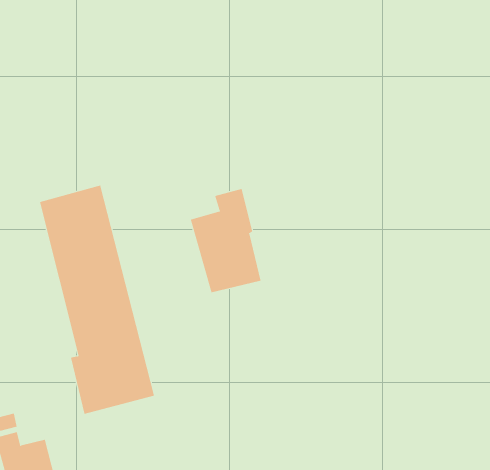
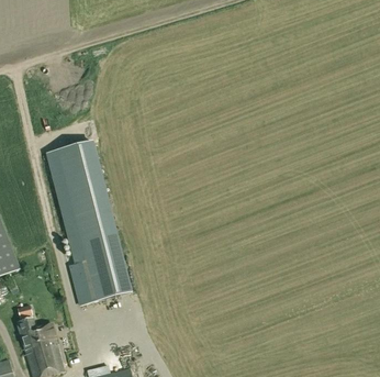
building: [190,188,261,293] -> none

